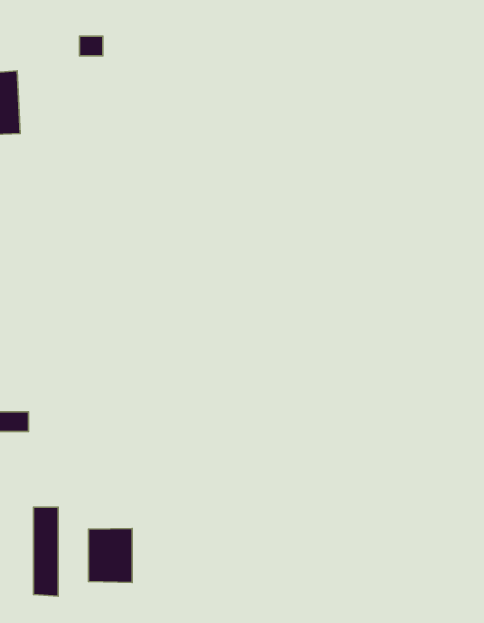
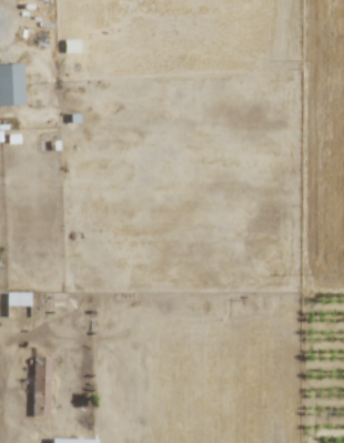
building: [89,529,132,583] -> none

